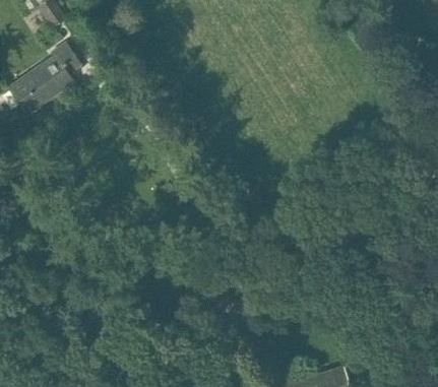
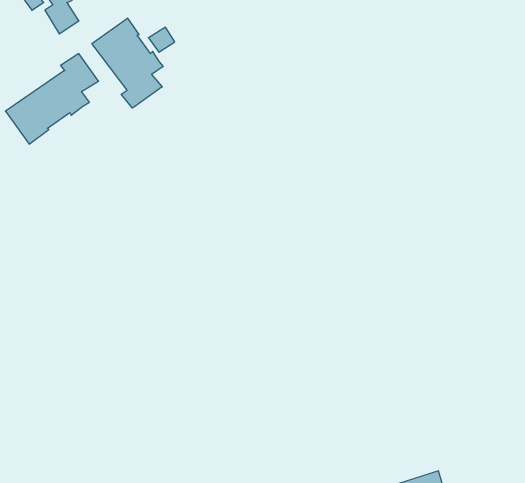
building: none -> [92,18,163,108]

